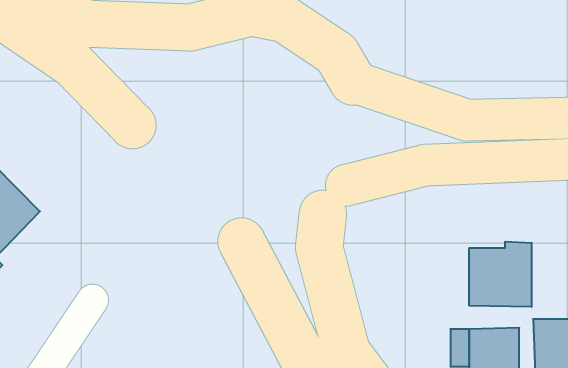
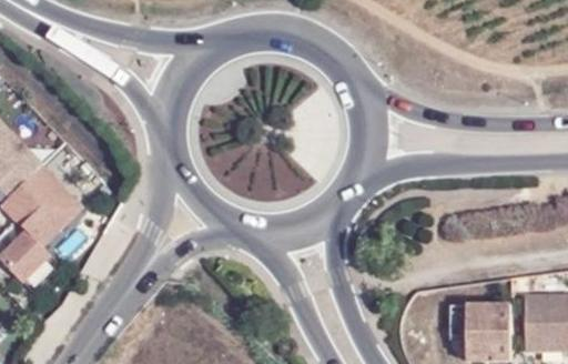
building: [469,242,532,307] -> none

